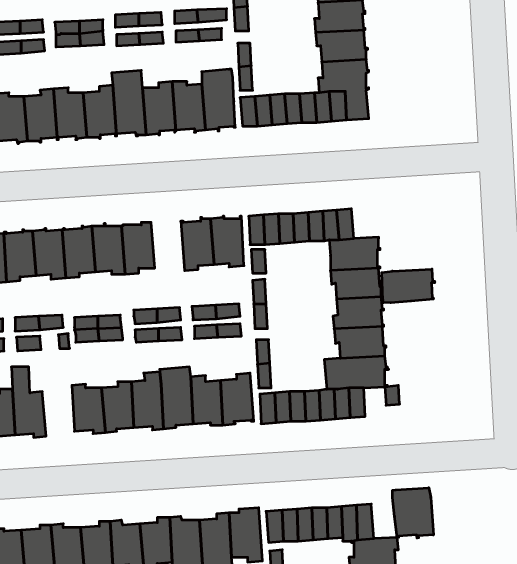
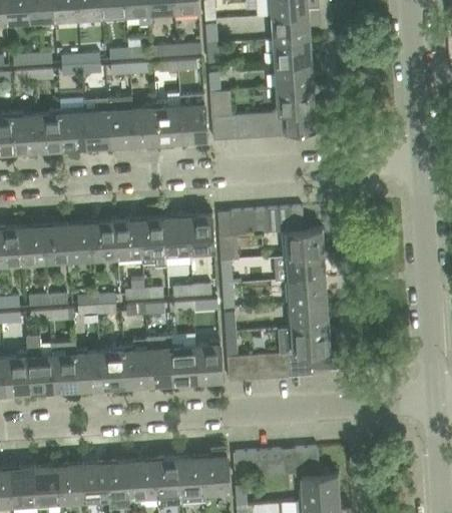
building: none -> [138,216,165,268]
building: [382,269,435,303] -> none
building: none -> [49,342,76,392]
building: [392,488,433,538] -> none

